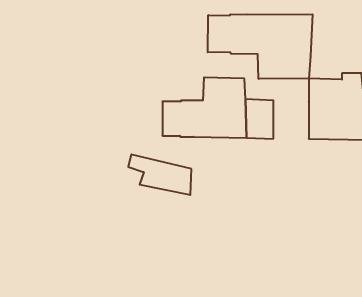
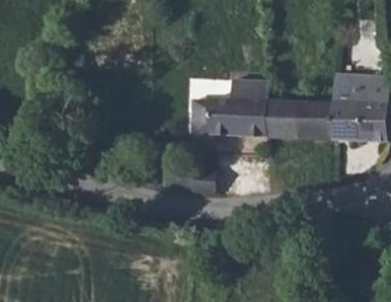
building: [208,14,312,79] -> none
building: none -> [296,100,330,138]

